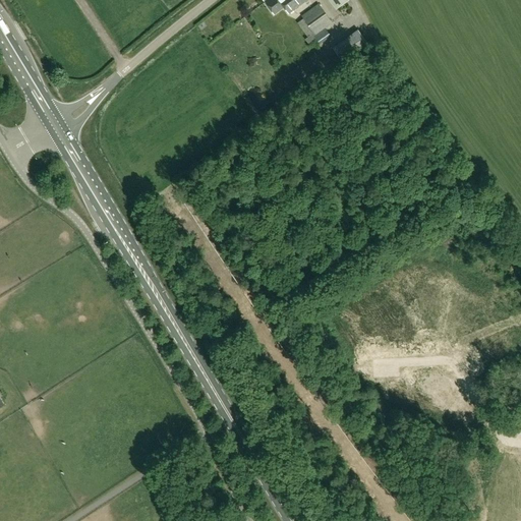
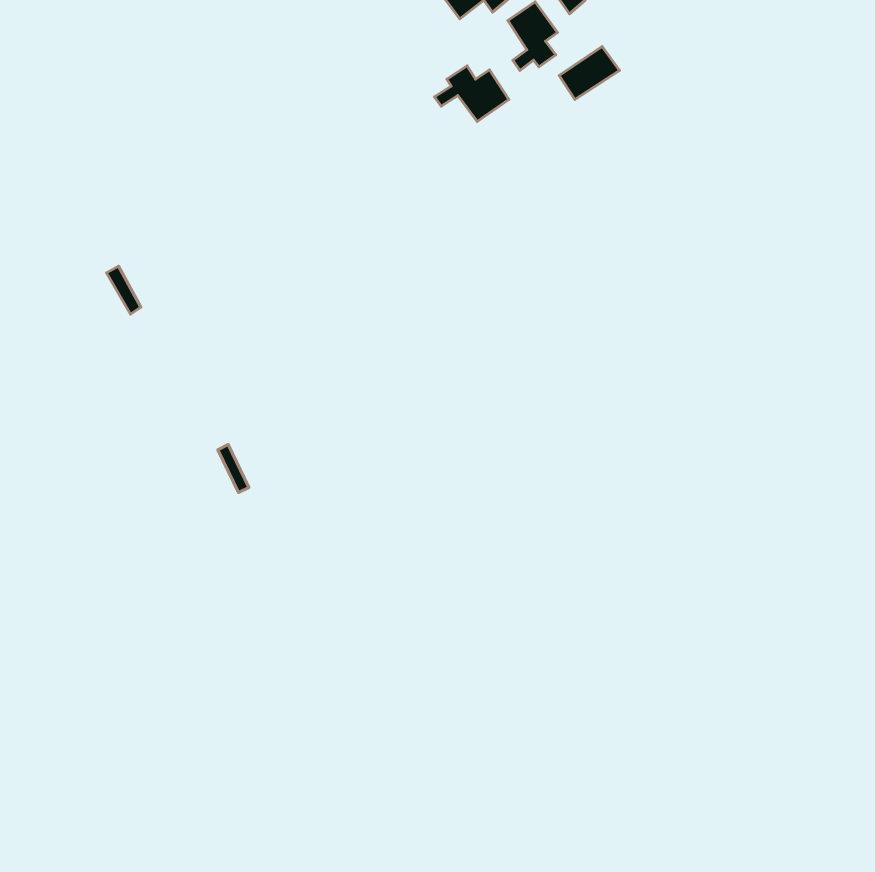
building: none -> [434,66,509,121]

